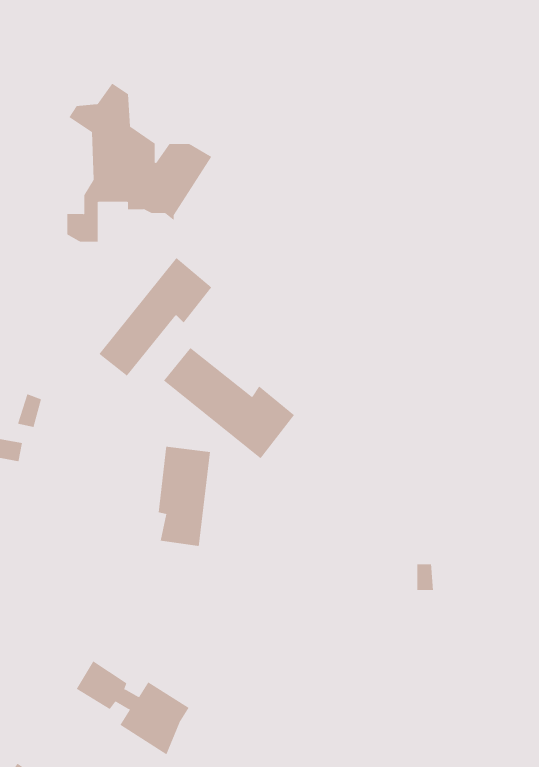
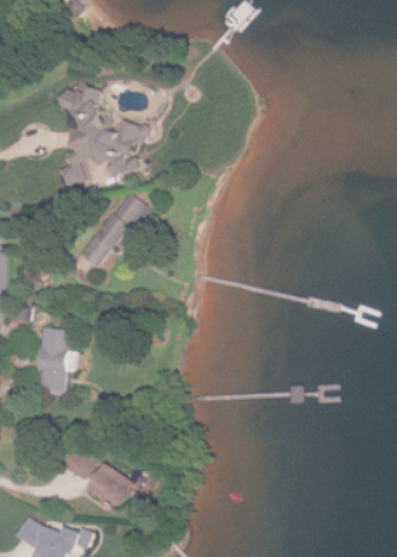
building: [163,347,295,459] -> none
building: [158,446,211,546] -> [38,327,71,391]

